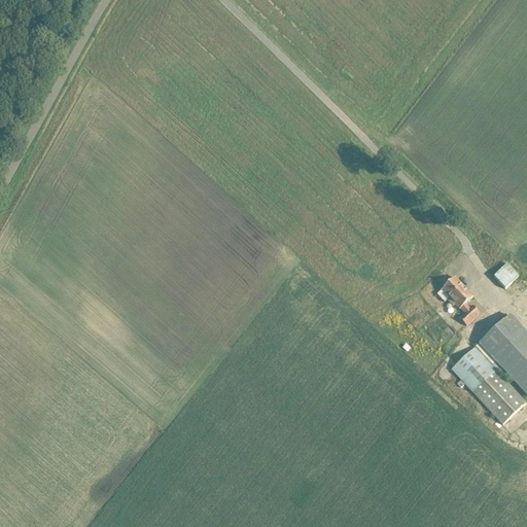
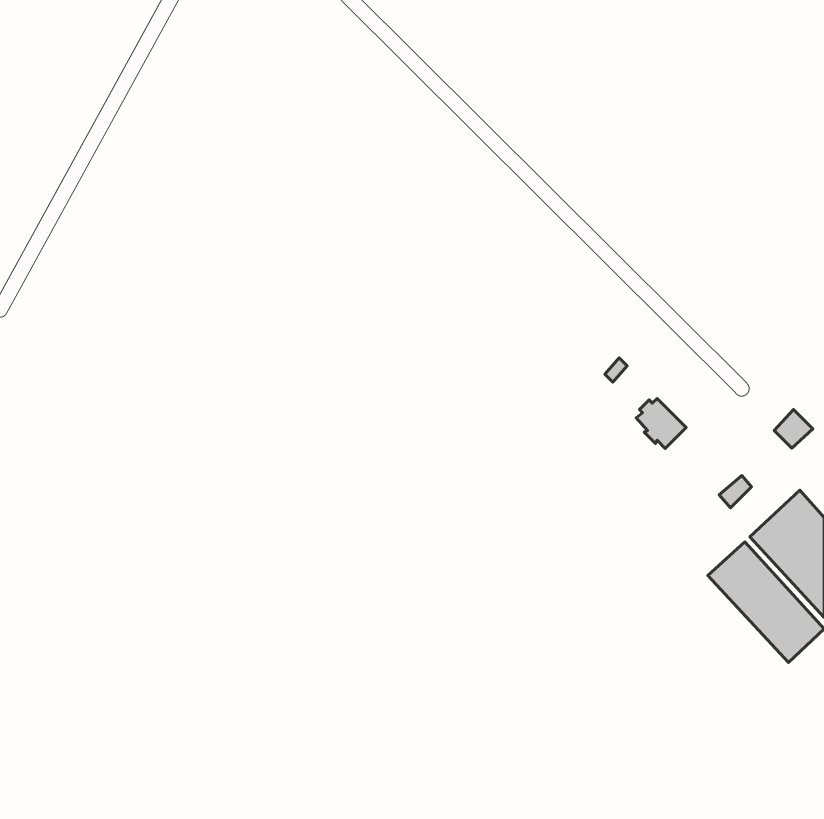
building: [442,276,473,308] -> [636,398,686,448]

